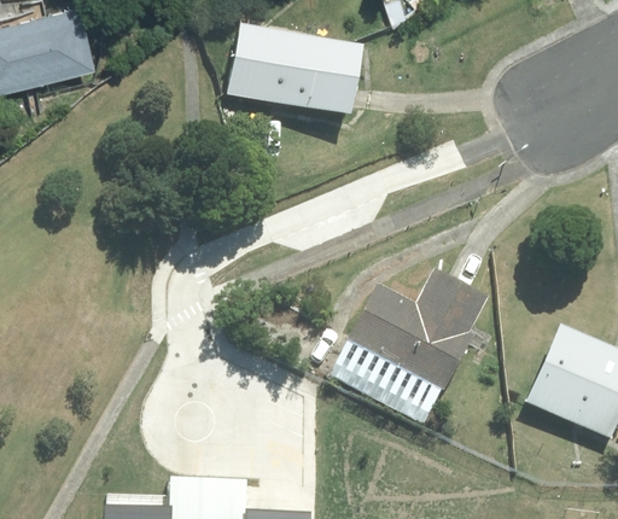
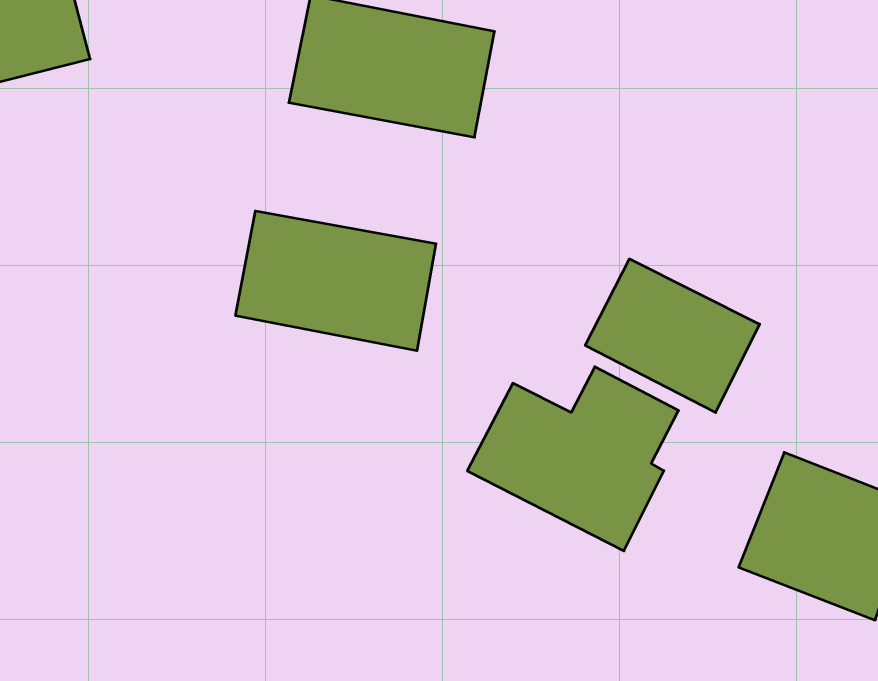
building: none -> [236,211,436,351]
building: none -> [585,259,760,413]

